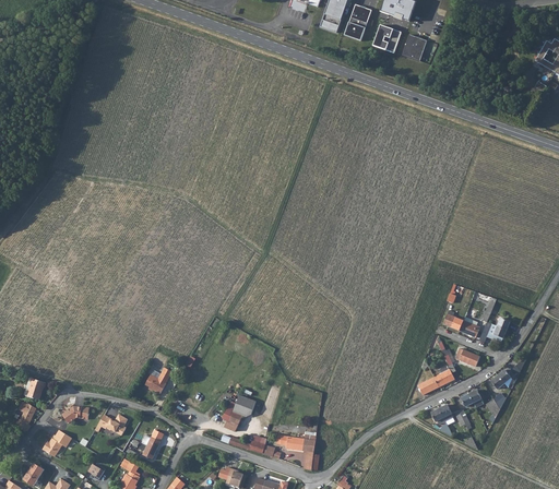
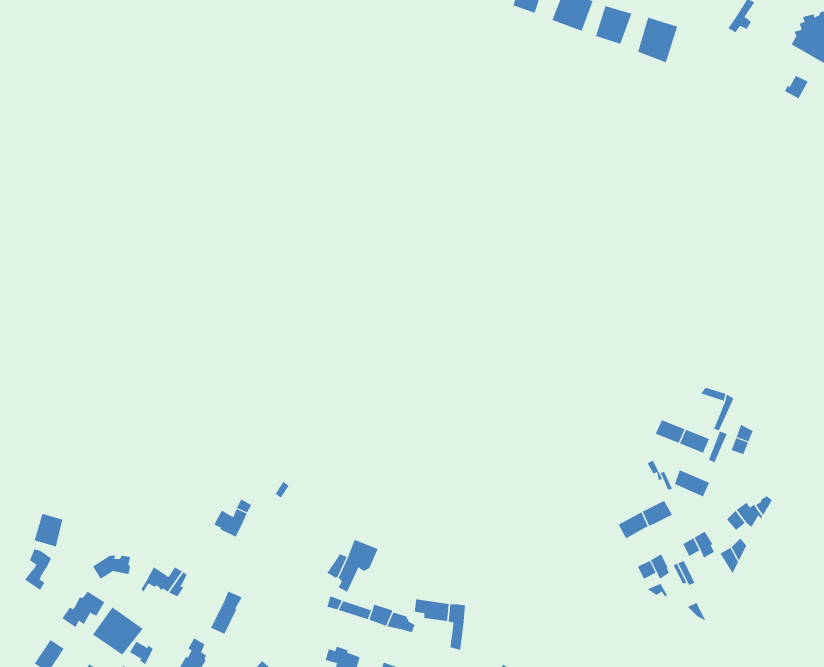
building: none -> [637,17,678,63]
building: none -> [92,606,144,656]

